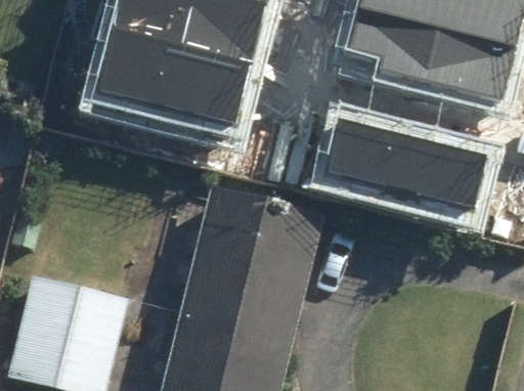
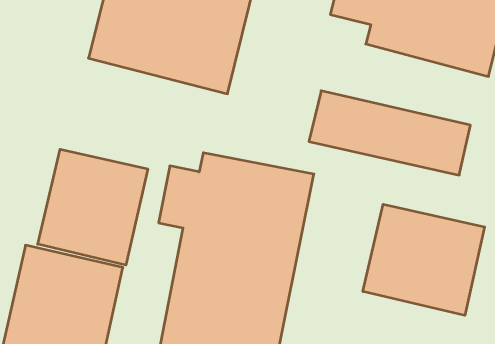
building: none -> [38,149,148,265]
building: none -> [363,204,485,315]

